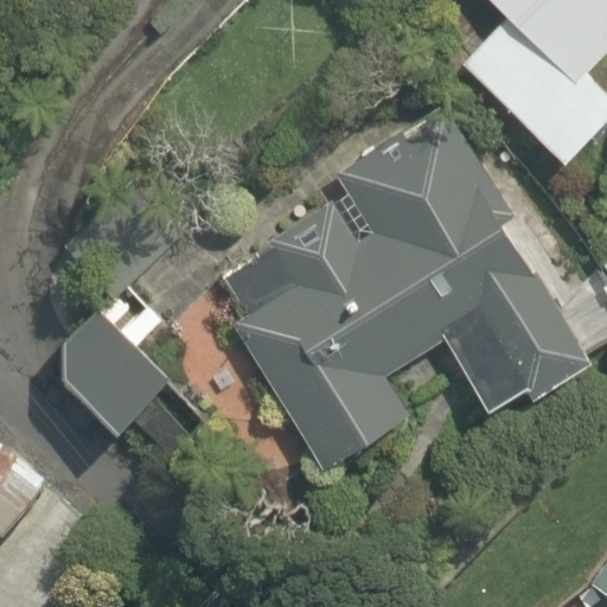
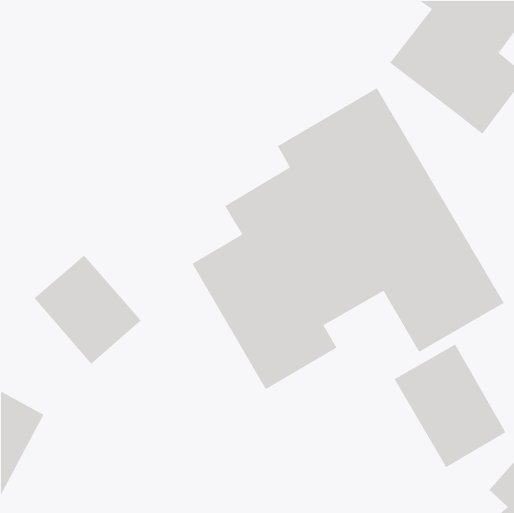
building: none -> [393,344,507,468]

